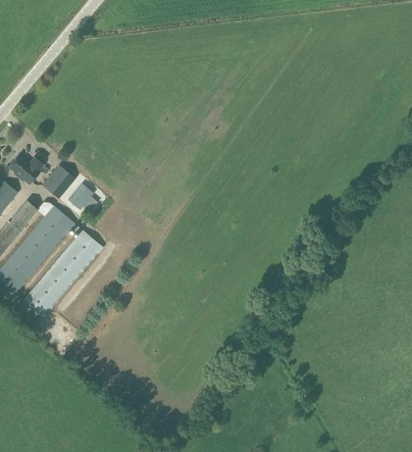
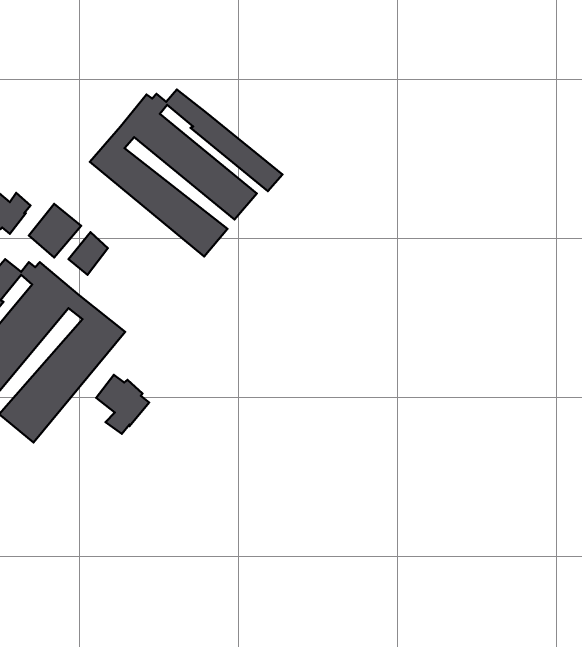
building: none -> [90,90,283,256]
building: none -> [96,375,149,434]

